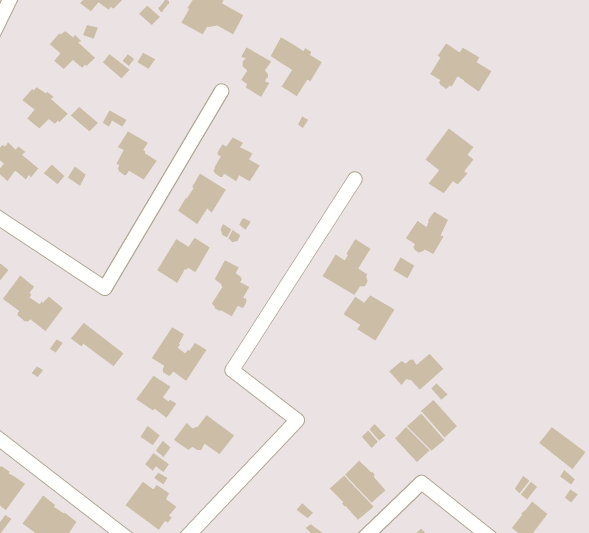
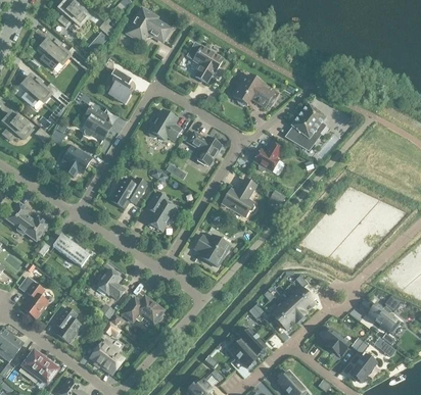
building: [429,42,493,92] -> [231,73,274,107]
building: [240,46,272,98] -> [110,68,132,103]
building: none -> [187,131,221,165]
building: [177,173,227,225] -> none
building: none -> [61,144,92,177]
building: [405,211,449,255] -> [252,142,282,171]
building: [343,294,396,341] -> [194,235,230,266]
building: [151,326,208,382] -> none
building: [388,353,444,391] -> none
building: none -> [19,277,47,317]
building: none -> [55,306,82,342]
building: none -> [322,329,350,354]

